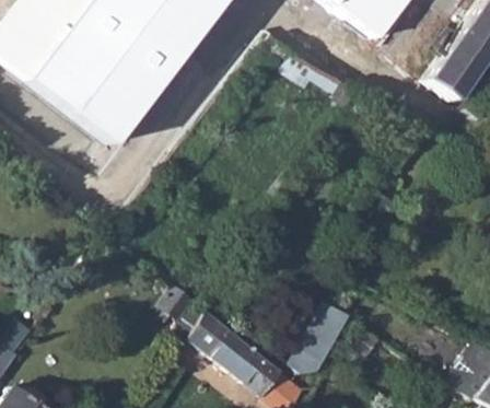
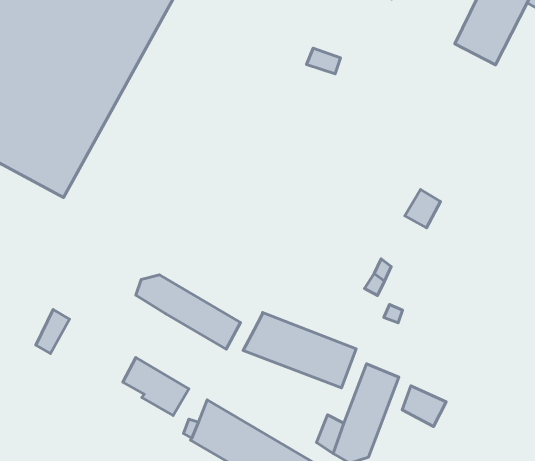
building: none -> [136,275,240,349]
building: none -> [243,313,356,388]

